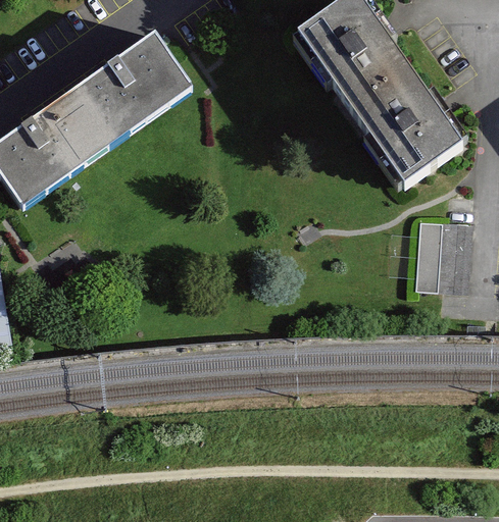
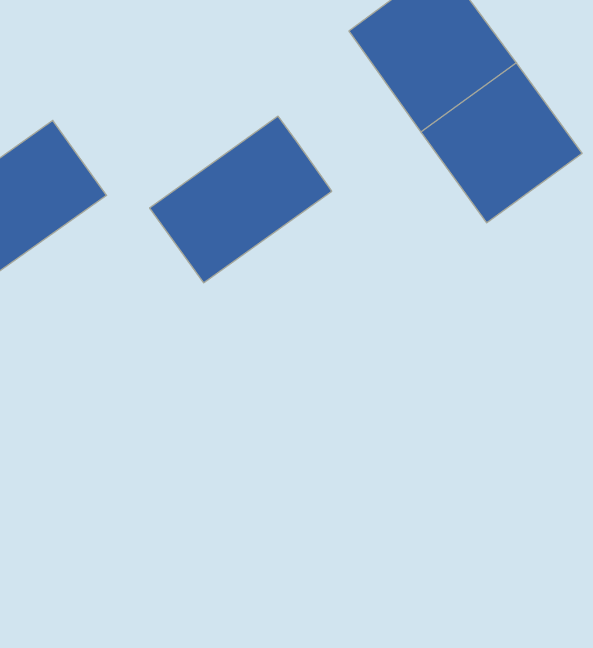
building: [55,30,197,159] -> [150,116,332,283]
building: [410,218,466,291] -> none

